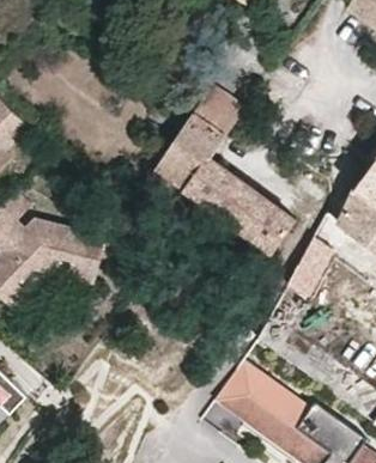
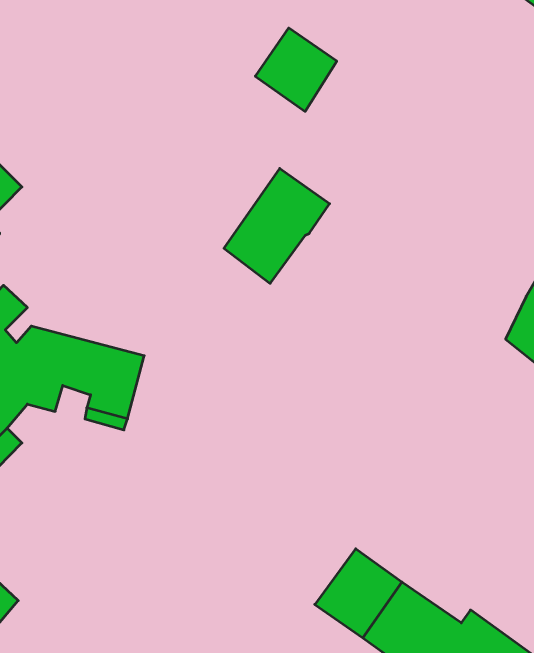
building: [190,86,243,140] -> [255,28,337,111]
building: [184,159,296,252] -> none

